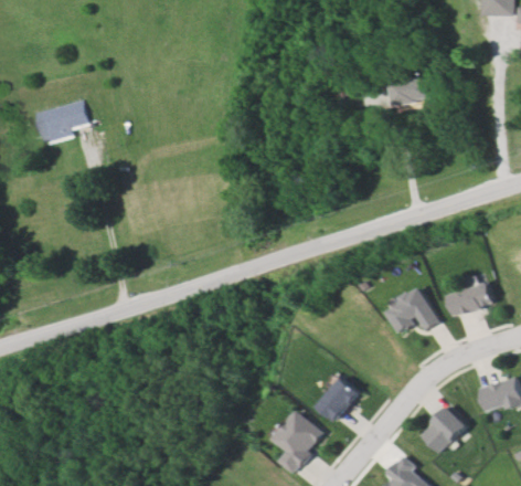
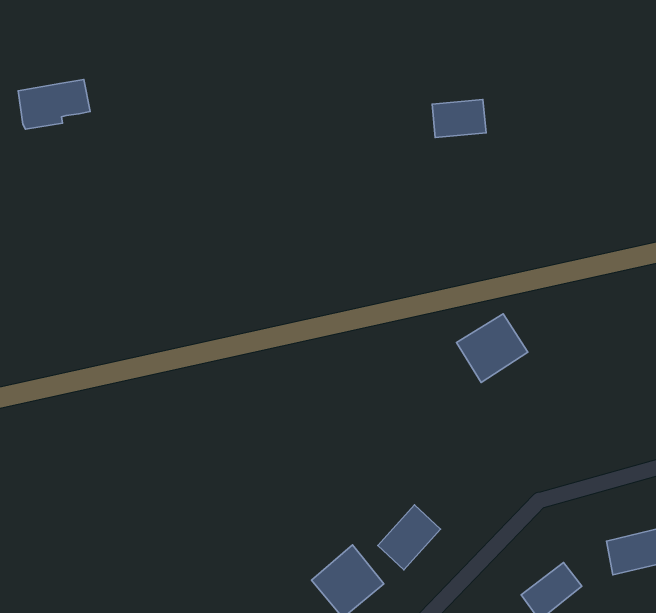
building: [390,77,429,107] -> [432,99,486,138]
building: [446,283,492,318] -> none
building: [389,288,439,338] -> [456,314,528,383]

